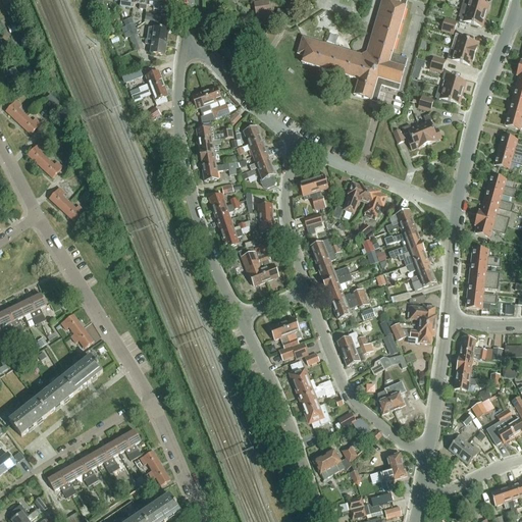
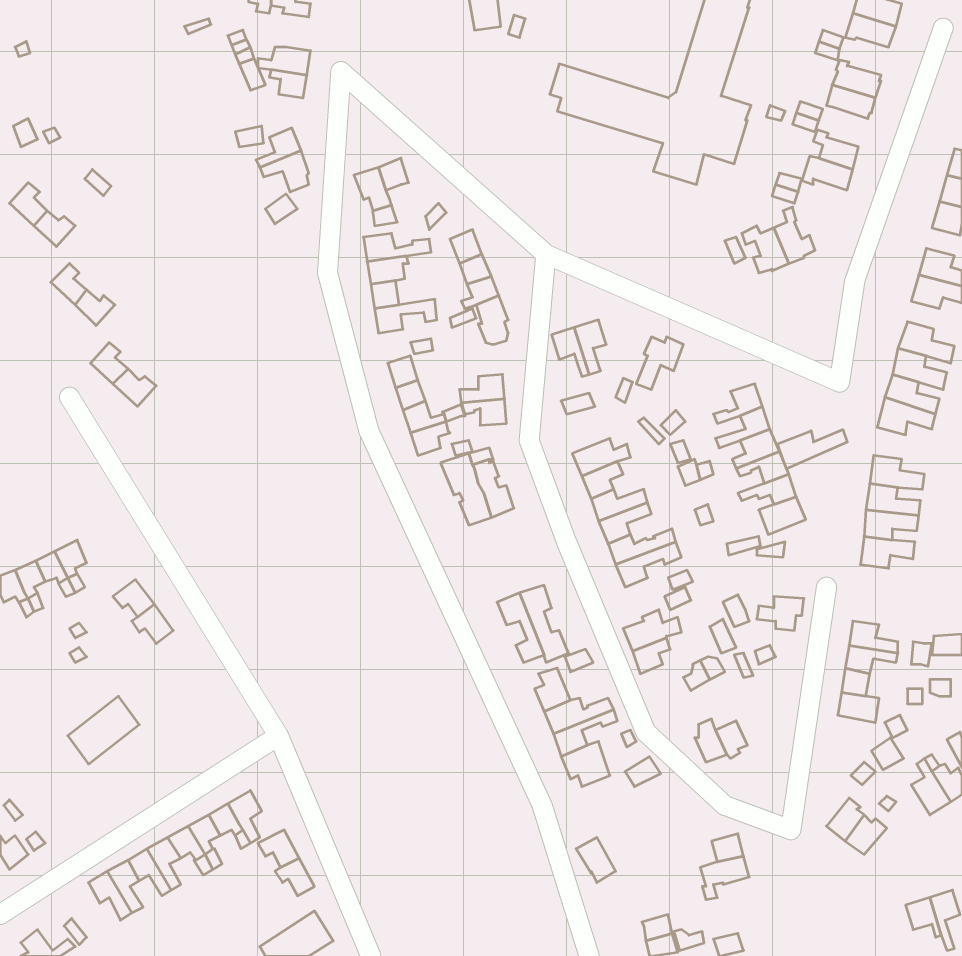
building: [365,187,386,218] -> none
building: none -> [777,430,847,469]
building: [408,305,436,324] -> none
building: [64,356,103,393] -> none
building: [9,399,48,435] -> none
building: [323,443,357,472] -> none

